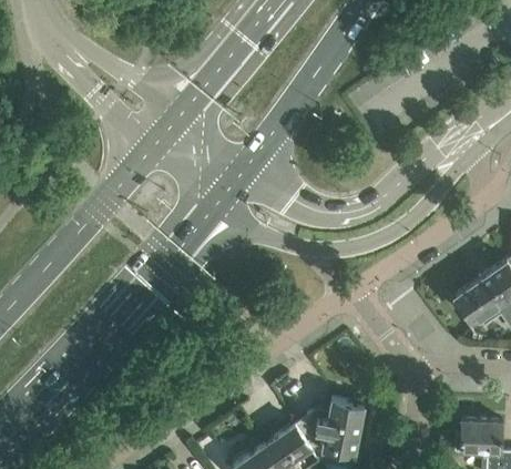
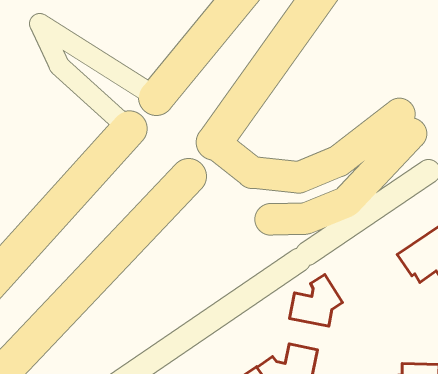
building: none -> [290,274,342,326]

